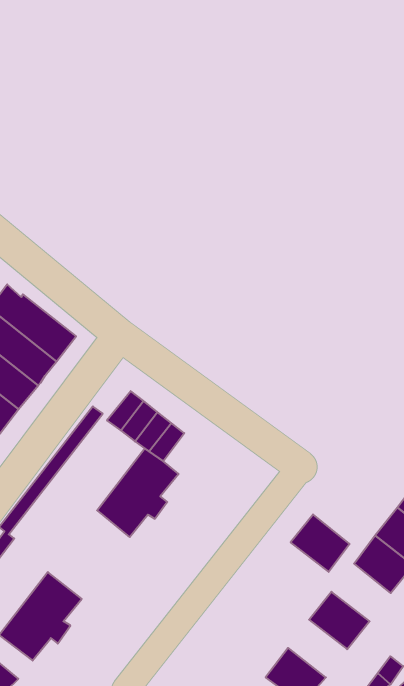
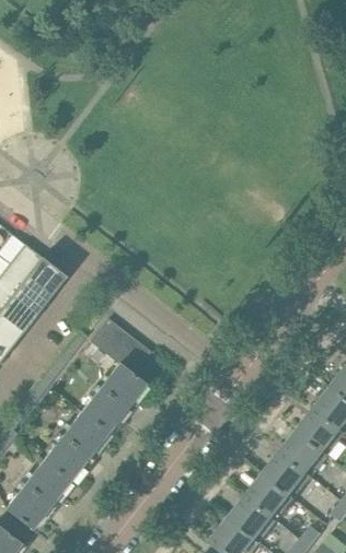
building: none -> [43,412,106,481]
building: [291,514,350,572] -> [264,454,310,498]
building: none -> [230,497,276,542]

